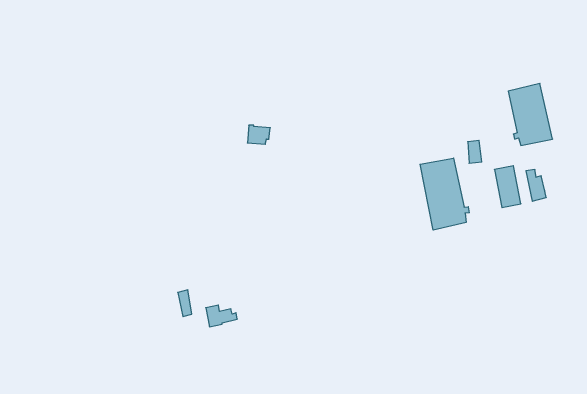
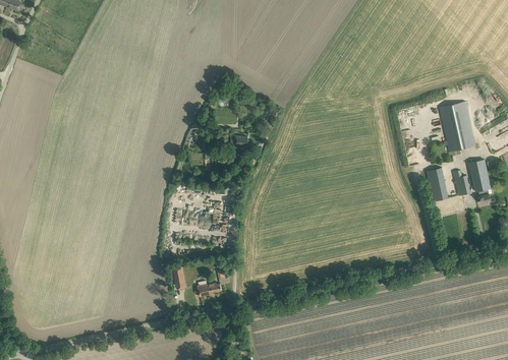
building: none -> [468,159,490,202]
building: [420,158,469,230] -> none

